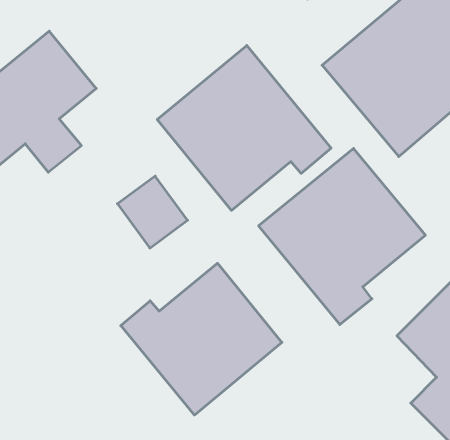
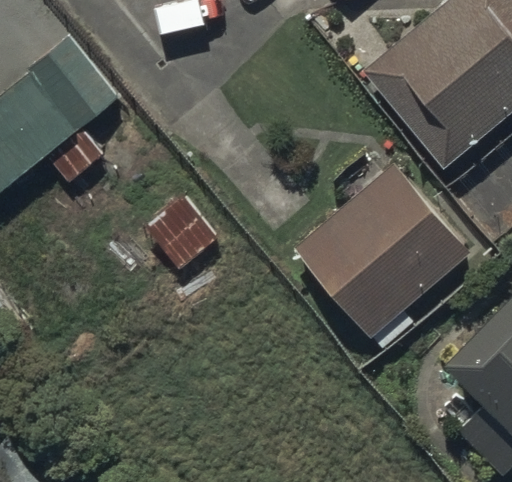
building: [157,45,331,210] -> none
building: [121,263,282,415] -> none

